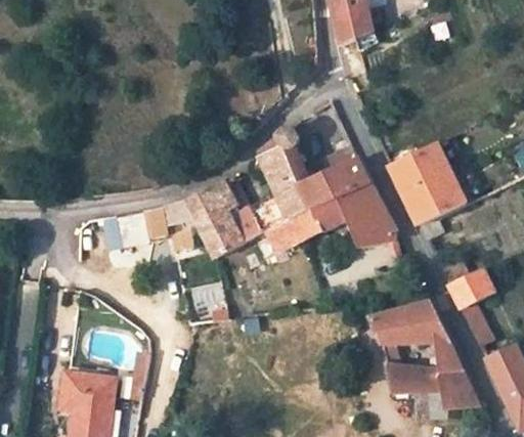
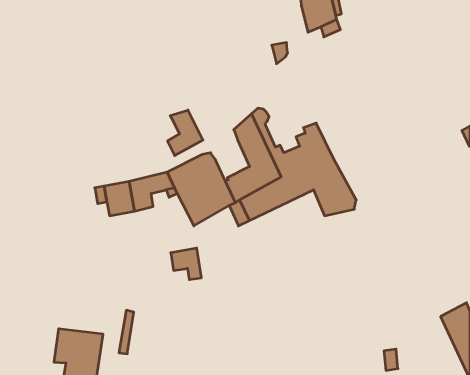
building: none -> [168,110,203,156]
building: [391,143,467,225] -> none
building: [449,270,494,347] -> none
building: [369,302,479,408] -> none

